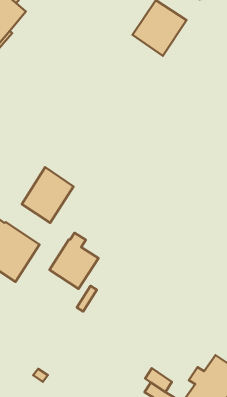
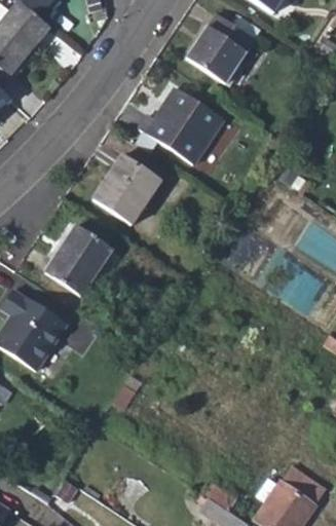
building: none -> [140,88,223,163]
building: none -> [94,154,160,223]
building: [49,233,99,289] -> none

